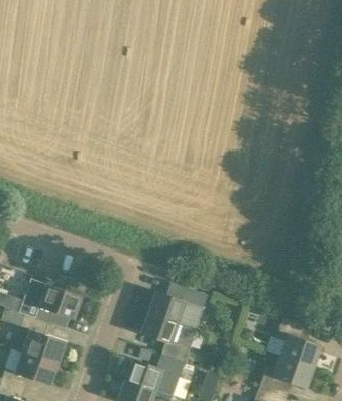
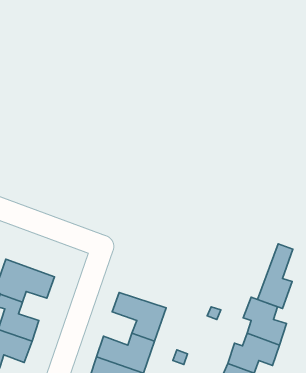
building: none -> [257,244,293,308]
building: [146,288,207,329] -> none

